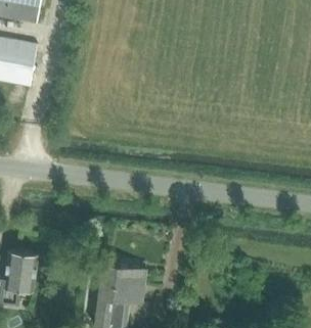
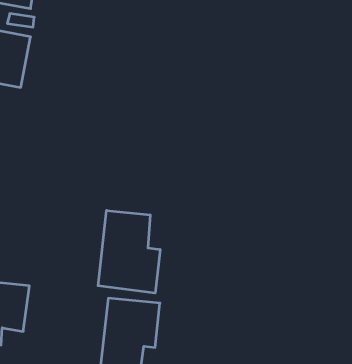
building: none -> [98,210,160,293]

